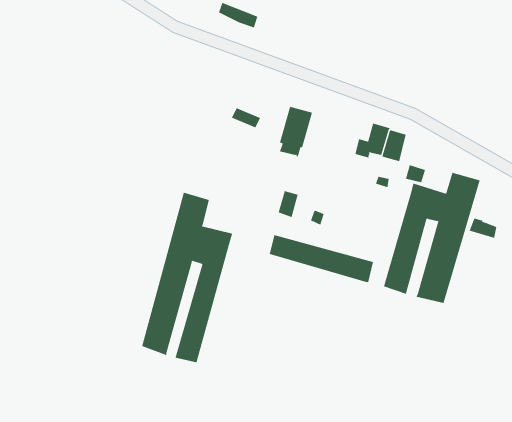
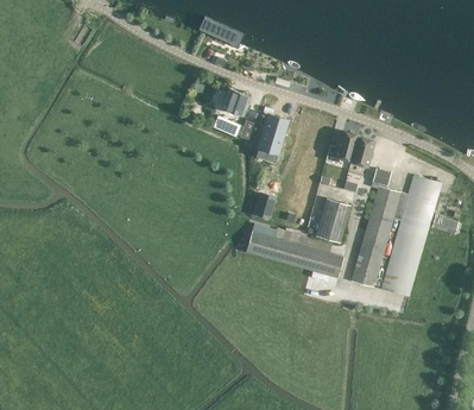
building: none -> [222,87,251,115]
building: [141,192,233,363] -> none
building: none -> [315,197,350,241]

